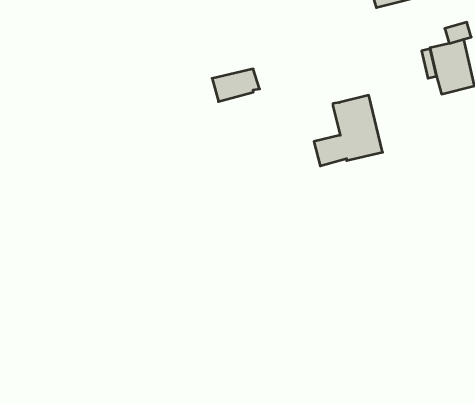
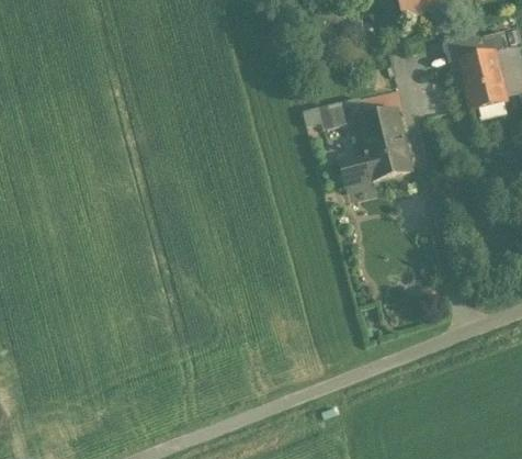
building: [212,69,260,102] -> [319,94,368,128]

